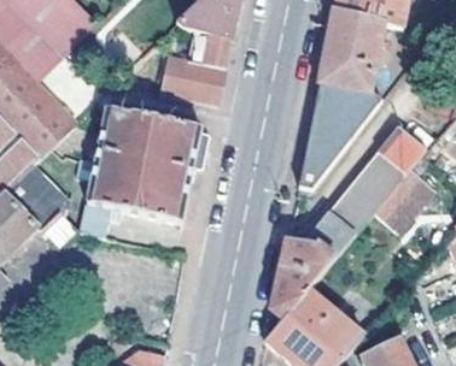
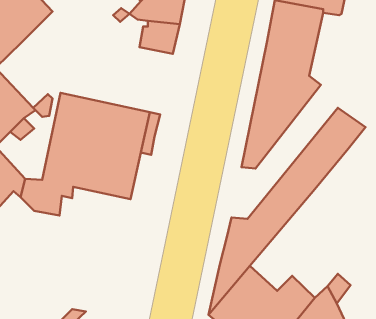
building: [164,58,223,104] -> none
building: [373,167,431,228] -> none

